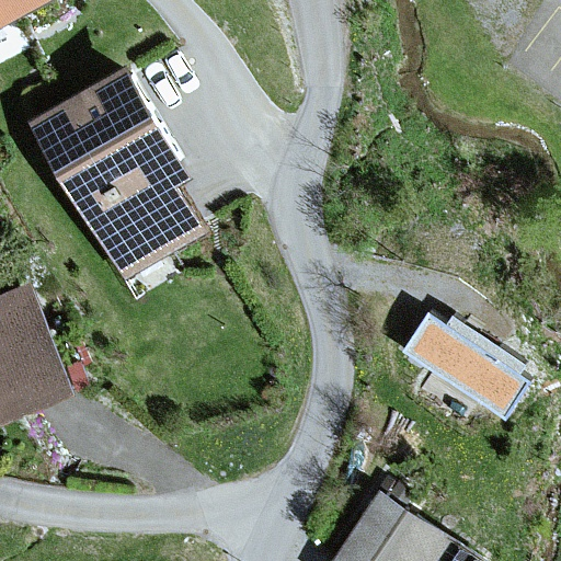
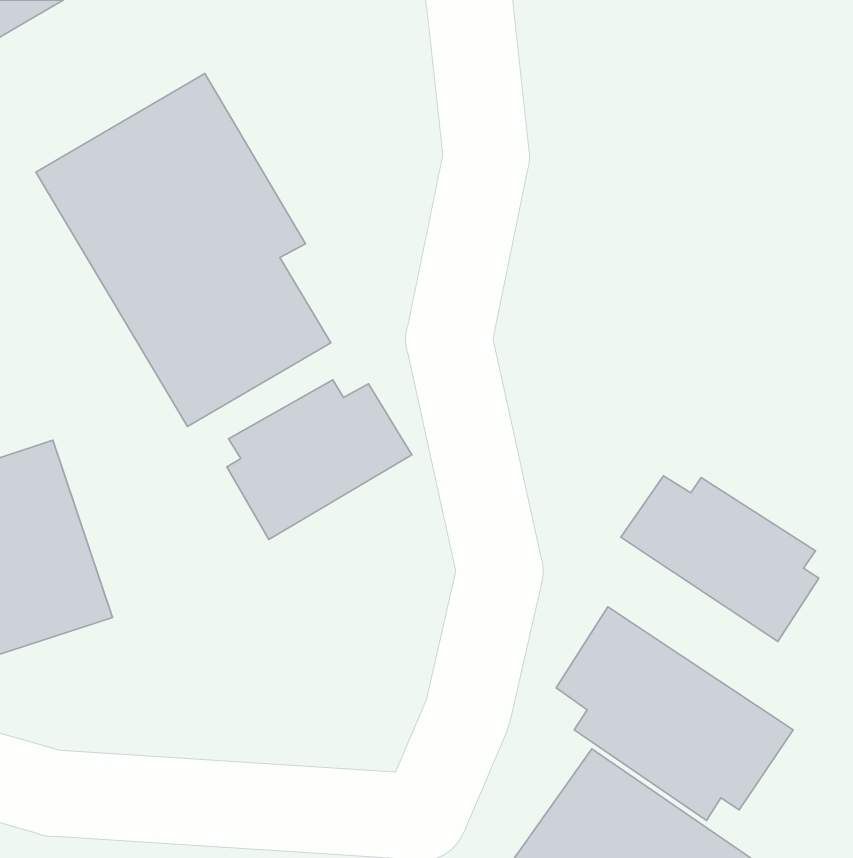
building: none -> [227,380,412,539]
building: none -> [556,607,793,821]

